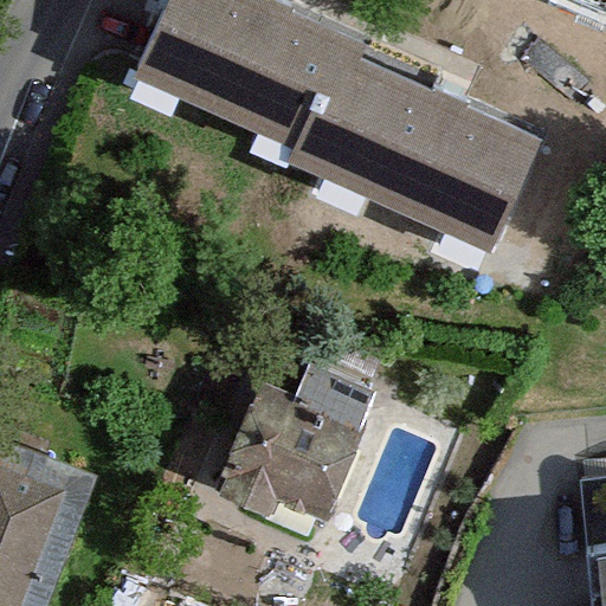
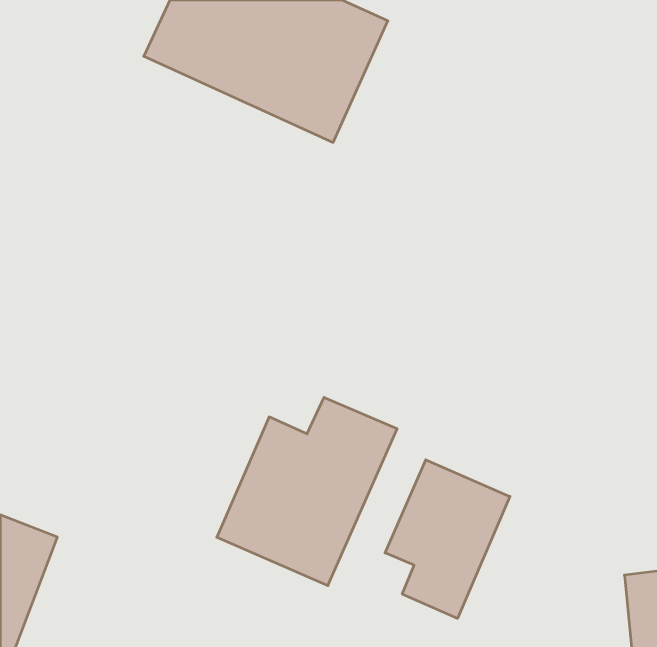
building: [311,38,537,227] -> none
building: none -> [385,460,510,618]

